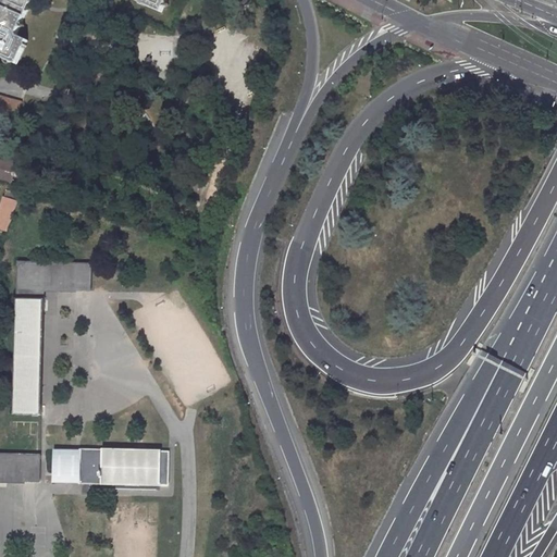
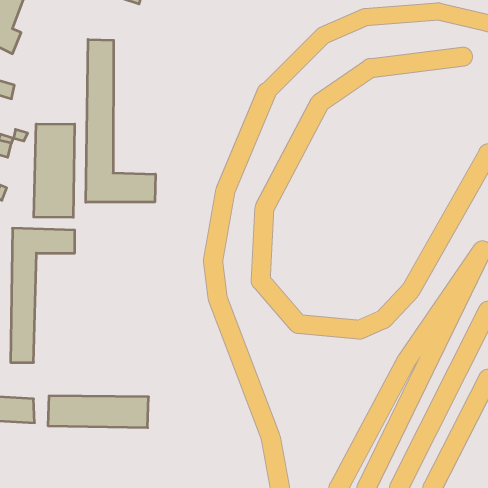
building: none -> [86,39,155,202]
building: none -> [34,124,75,217]

